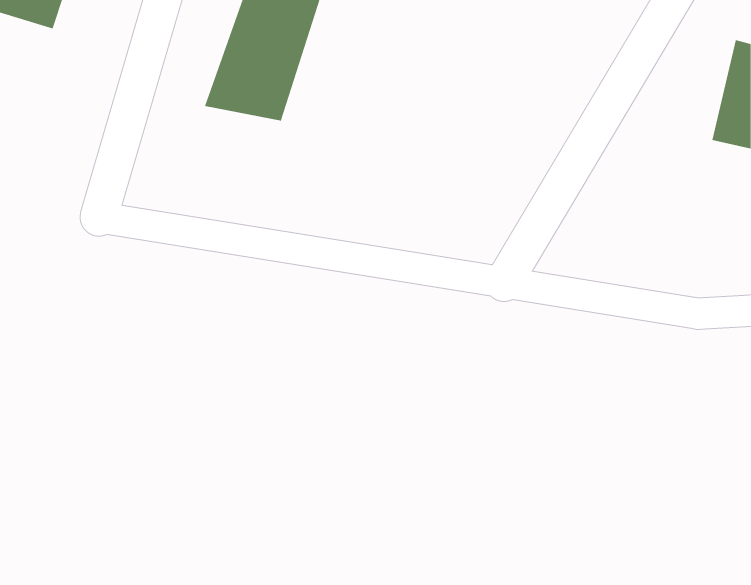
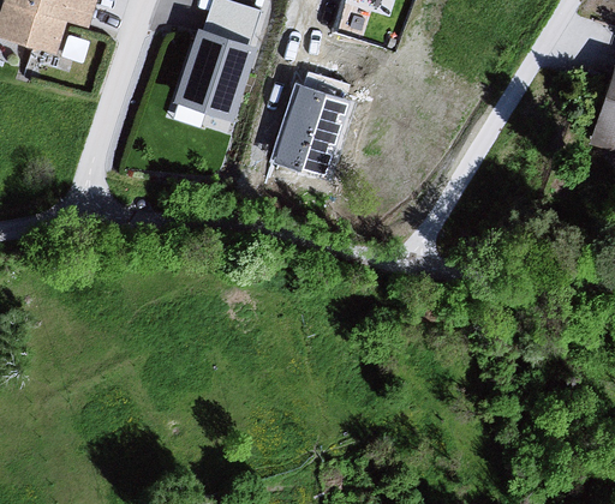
building: none -> [277,84,346,168]

